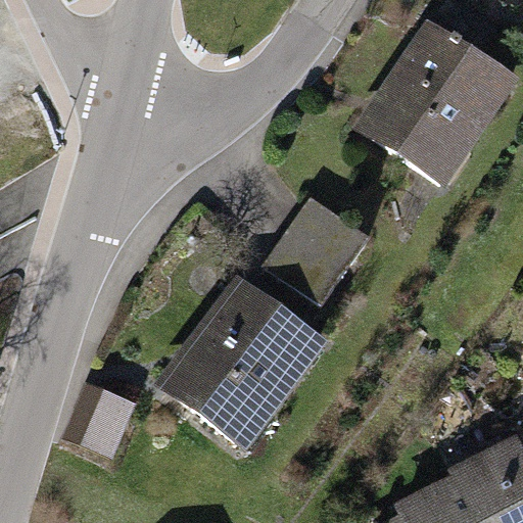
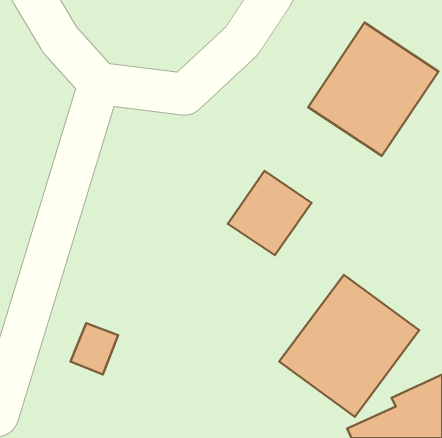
building: [159,277,324,446] -> none
building: none -> [279,275,419,417]

